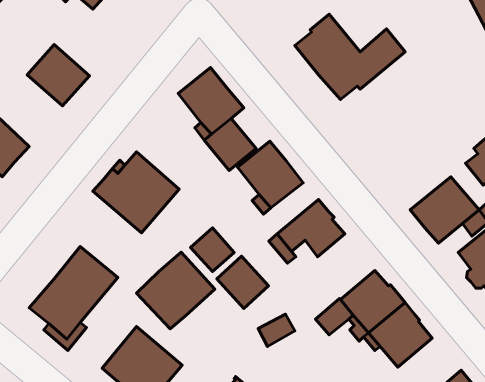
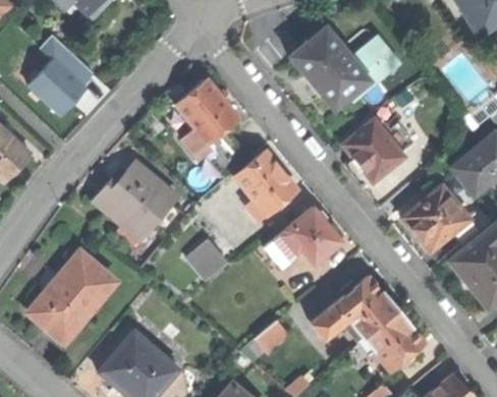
building: none -> [341,118,404,181]
building: [136,252,215,329] -> none
building: [217,256,268,309] -> none

